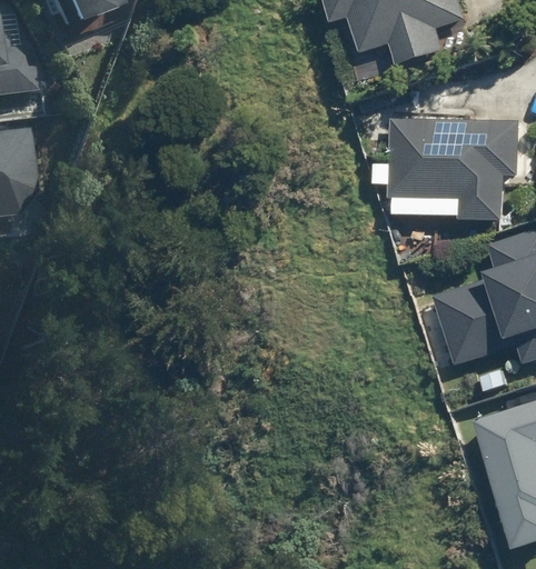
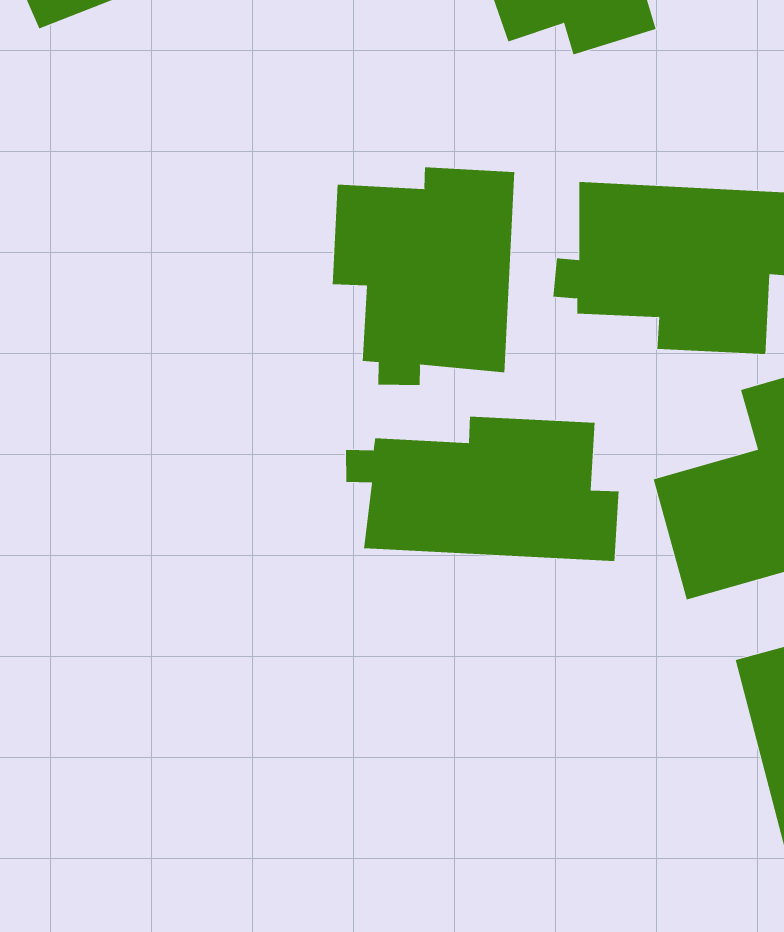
building: none -> [332,166,515,386]
building: none -> [345,416,619,562]

